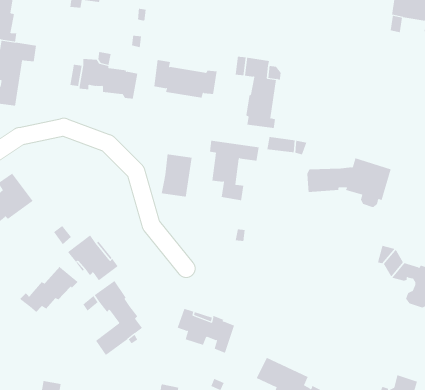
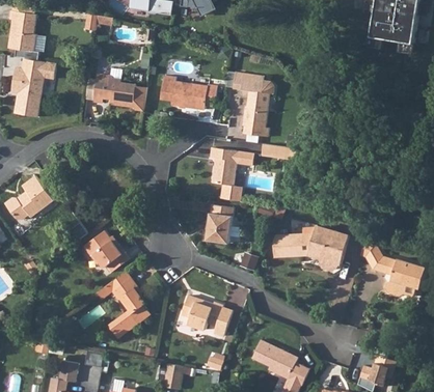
building: [161,154,192,197] -> [205,205,233,244]
building: [307,158,392,208] -> [272,226,348,271]
building: [19,266,79,313] -> none

